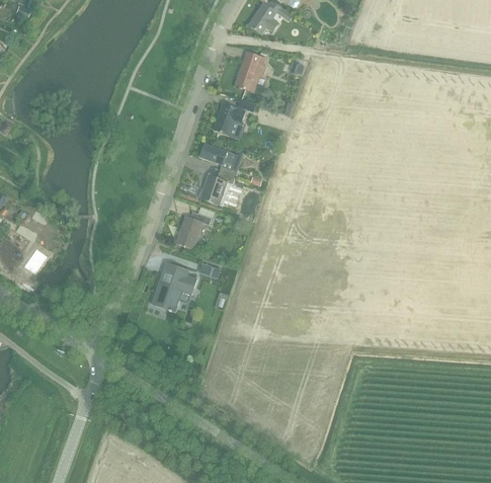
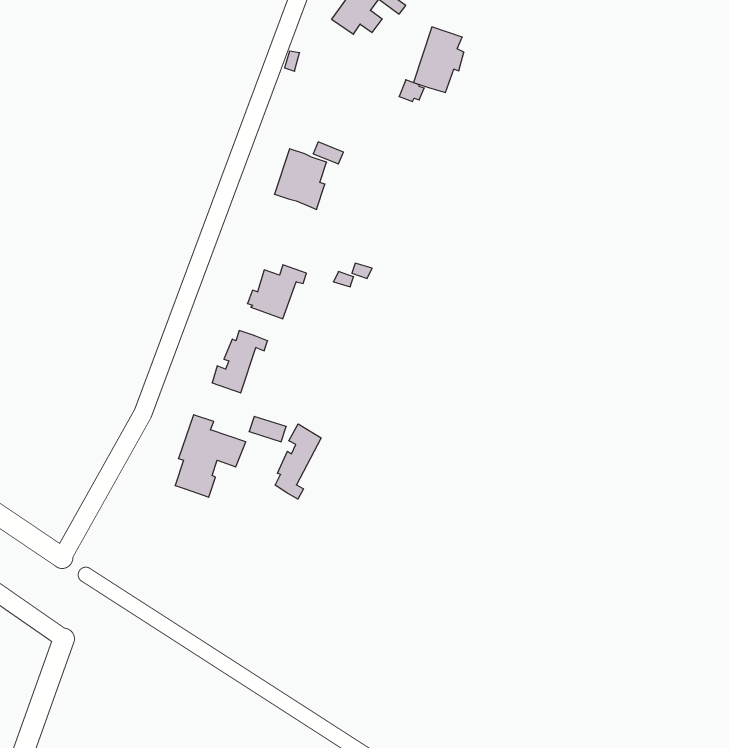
building: [235,51,265,90] -> [413,27,464,93]
building: [199,142,240,176] -> none
building: none -> [275,424,321,499]

